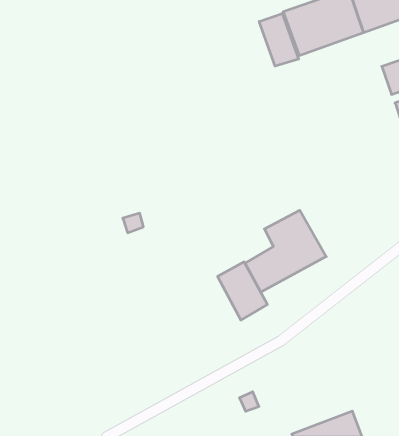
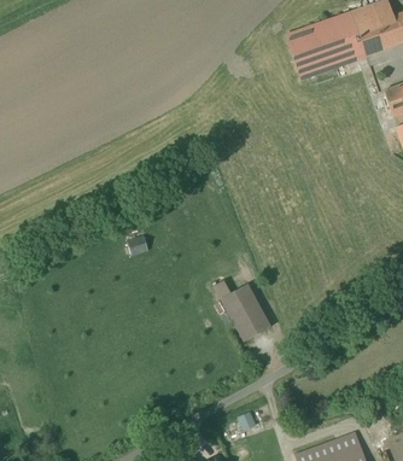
building: [259,13,299,66] -> none
building: [245,210,326,292] -> none

